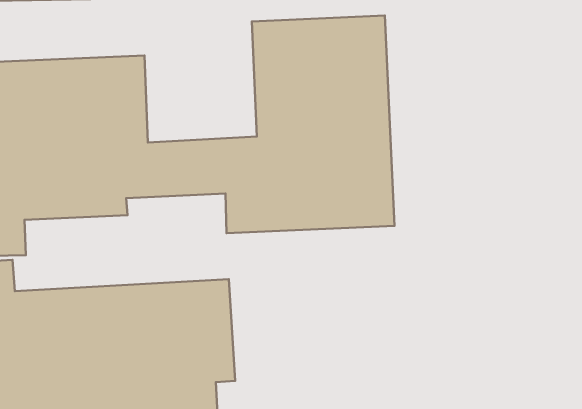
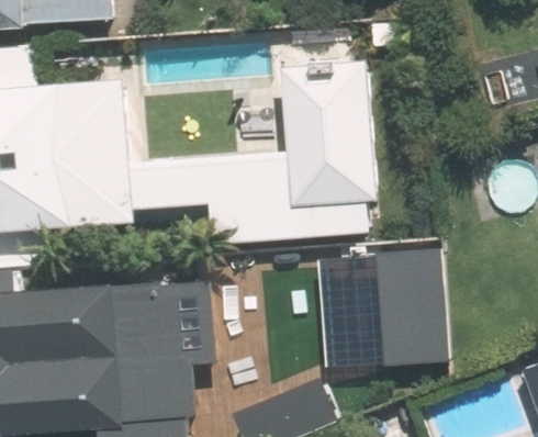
building: none -> [339,253,442,384]

